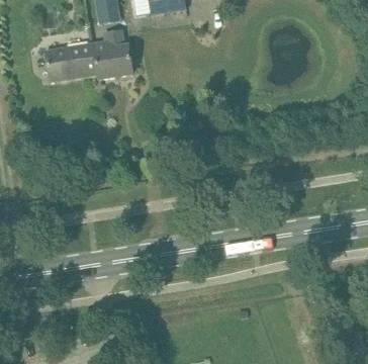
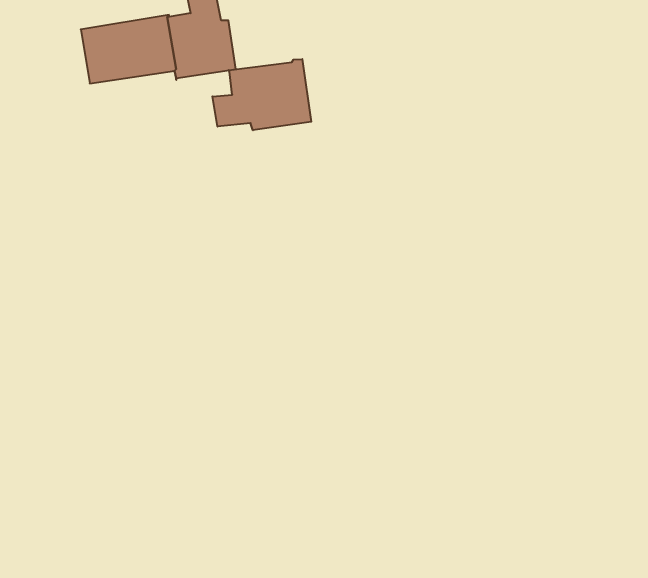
building: none -> [212,59,311,130]

